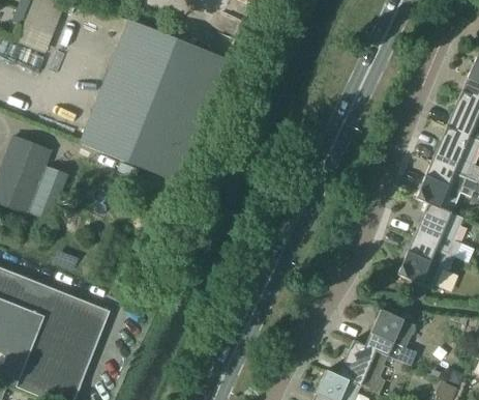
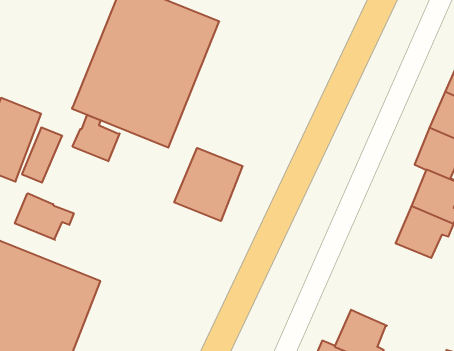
building: none -> [73,115,120,161]
building: none -> [174,148,243,221]
building: none -> [15,193,74,240]
building: [365,310,416,365] -> none

